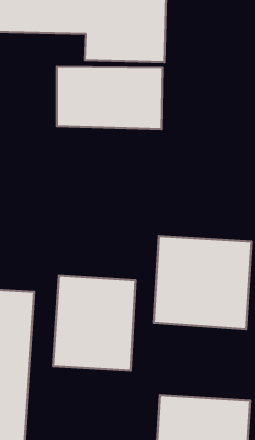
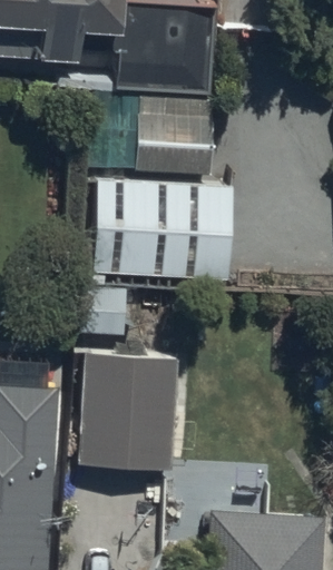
building: none -> [96,181,233,281]
building: [154,236,251,329] -> none

